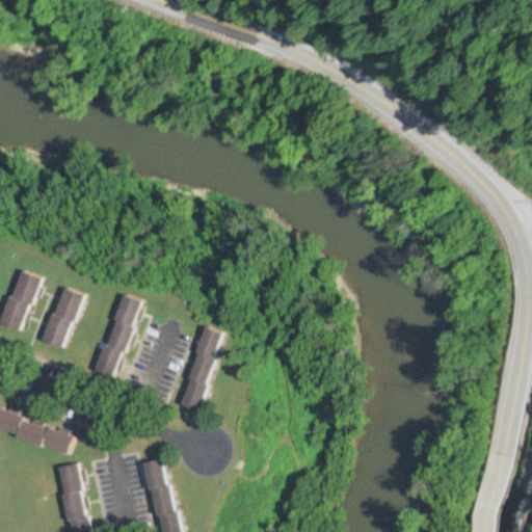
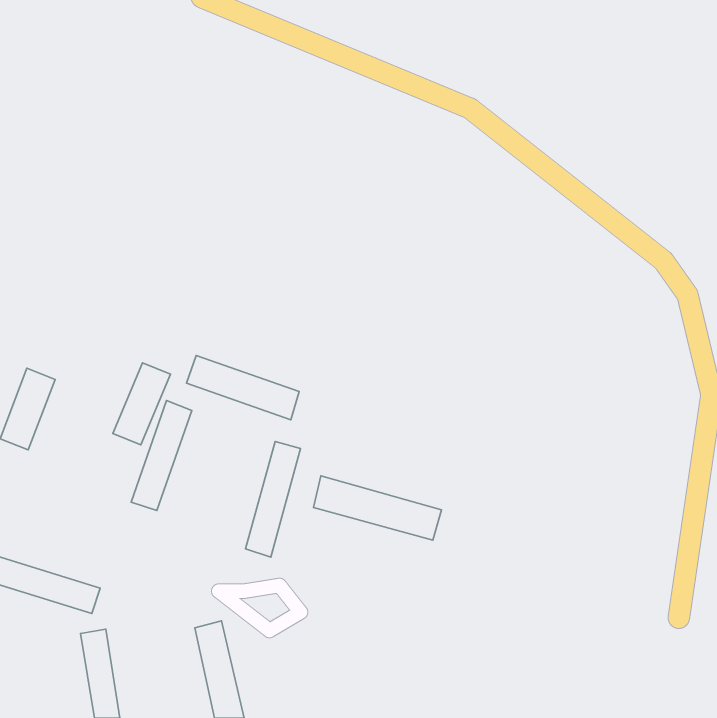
building: none -> [187,356,299,420]
building: [42,288,84,348] -> [113,363,171,445]
building: none -> [314,476,441,540]

